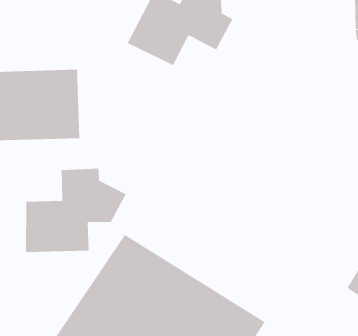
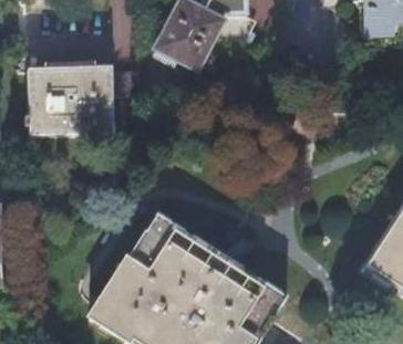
building: [26,168,126,253] -> none

